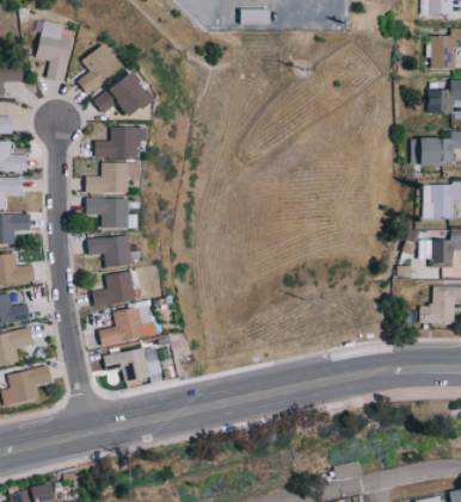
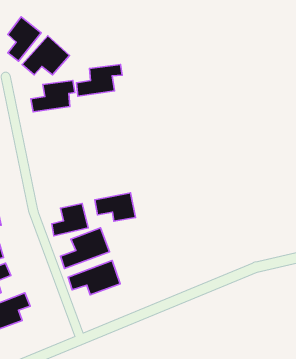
building: [84,162,140,193] -> [77,64,122,96]
building: [85,198,128,229] -> none
building: [87,236,131,266] -> [95,193,136,221]

